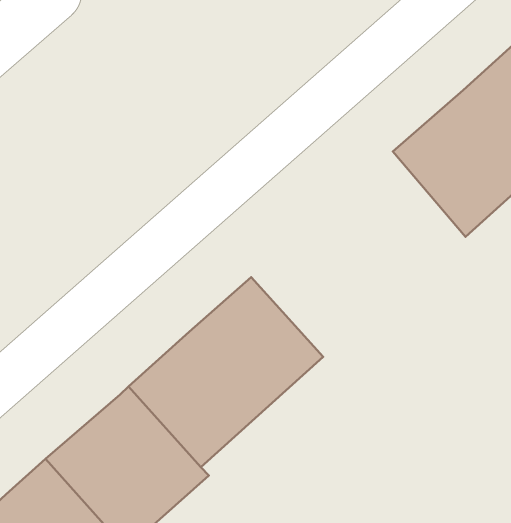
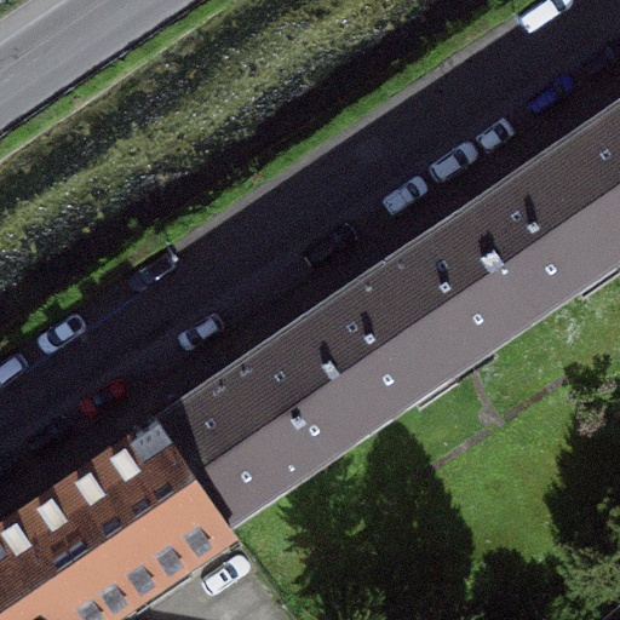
building: none -> [299,218,527,427]

